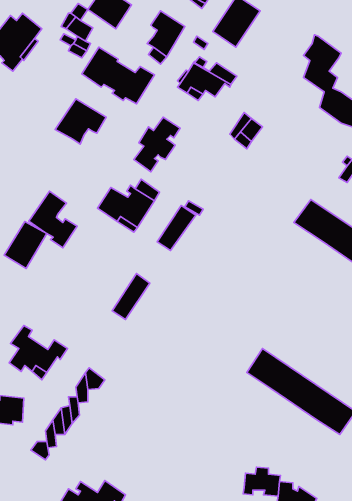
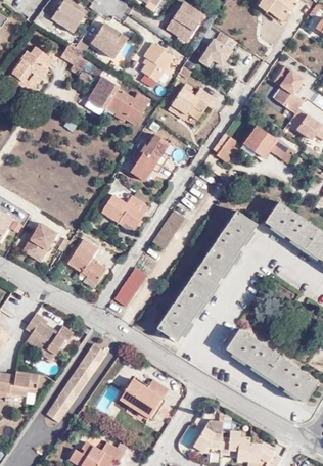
building: [55,99,106,144] -> none
building: none -> [242,126,291,161]
building: [29,191,77,248] -> [64,240,105,288]
building: none -> [156,208,257,340]
building: none -> [122,381,169,422]
building: none -> [196,420,226,453]

